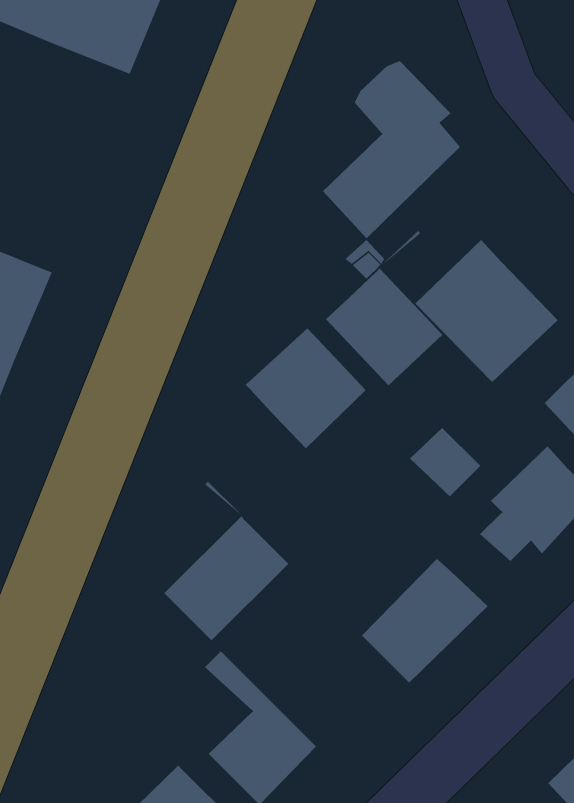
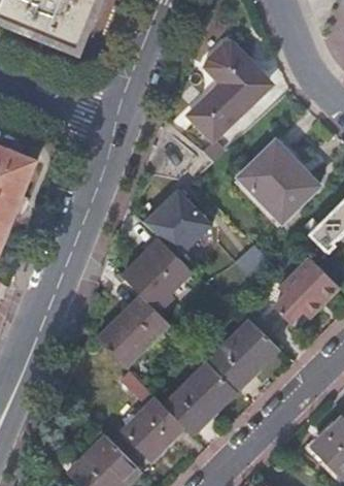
building: [325,230,443,386] -> none
building: none -> [123,241,190,313]
building: none -> [165,364,235,434]

